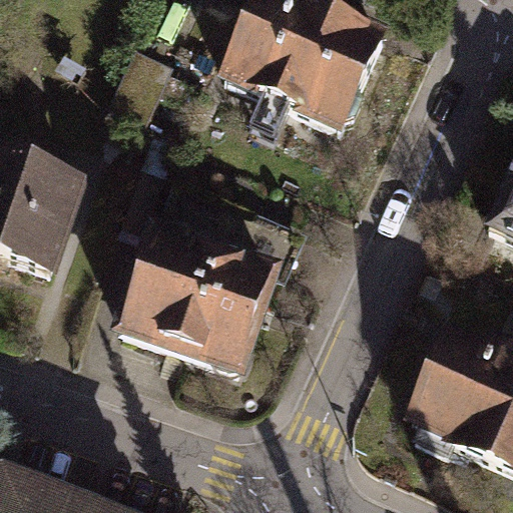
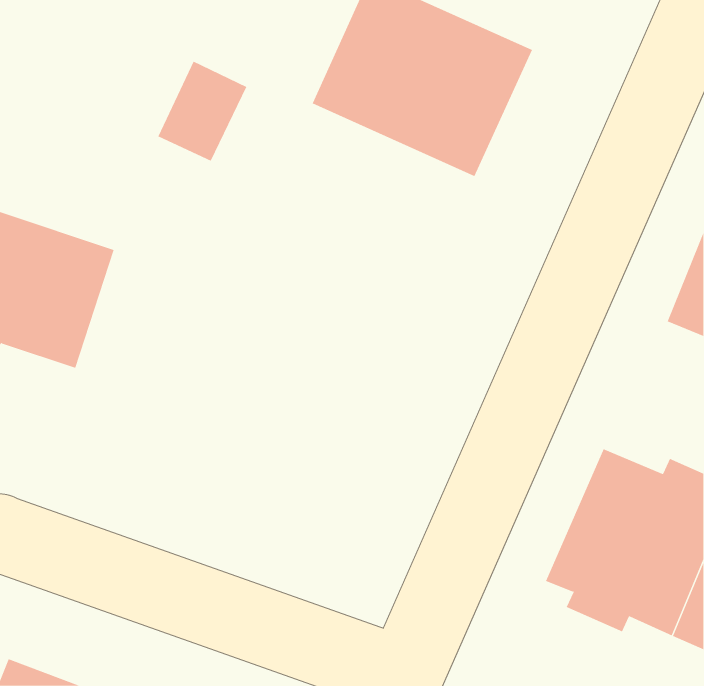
building: [125,176,299,368] -> none

